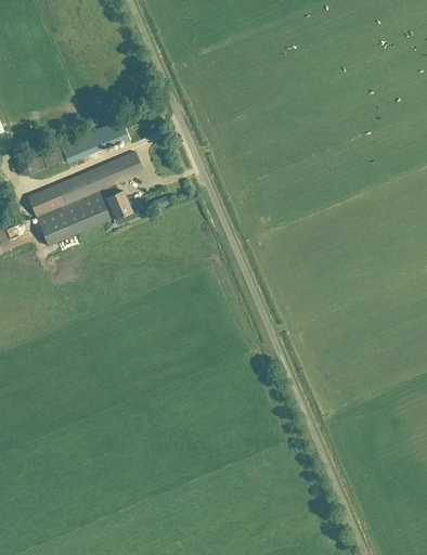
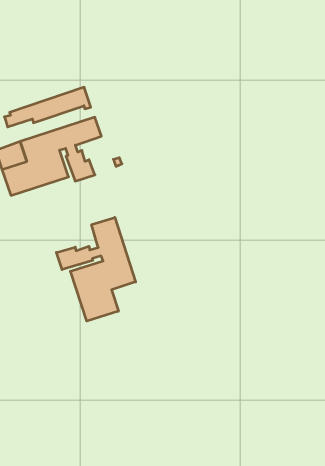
building: none -> [56,217,136,321]

